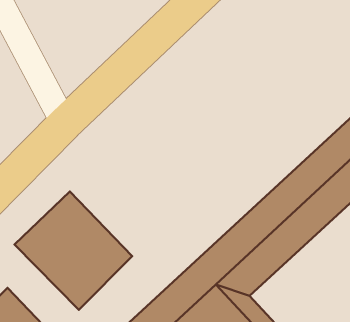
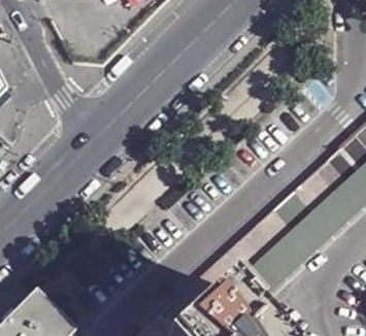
building: [14,192,132,310] -> none

